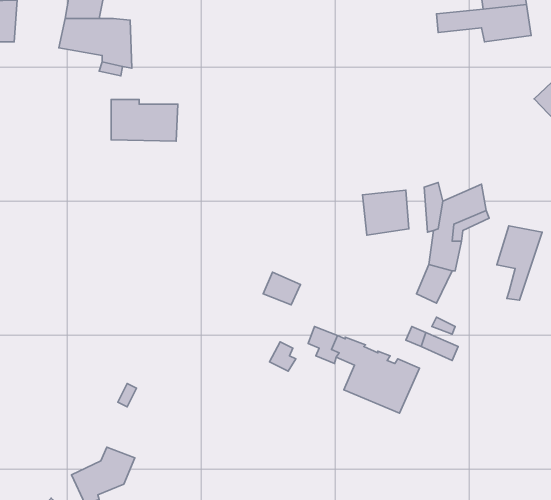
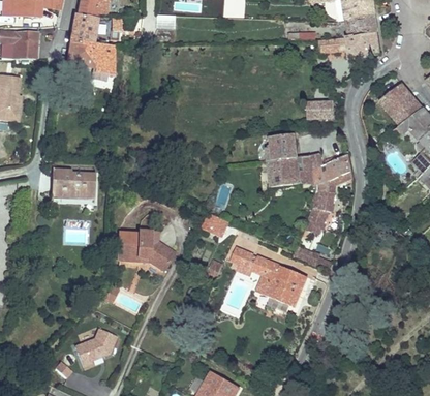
building: [111,100,178,141] -> [51,170,95,197]
building: none -> [306,101,334,118]
building: none -> [267,134,297,160]
building: [497,226,542,300] -> none
building: none -> [118,231,174,270]

